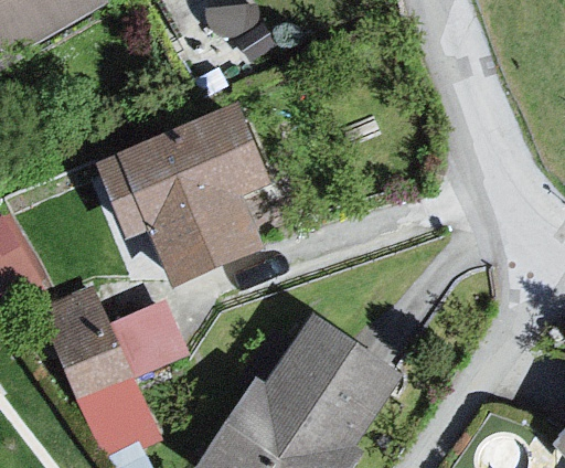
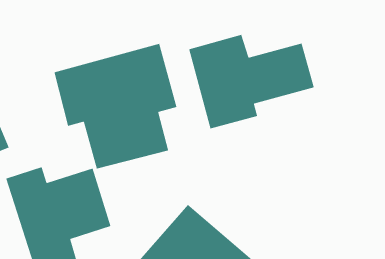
building: none -> [188,34,315,130]

